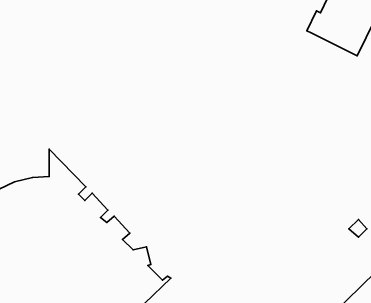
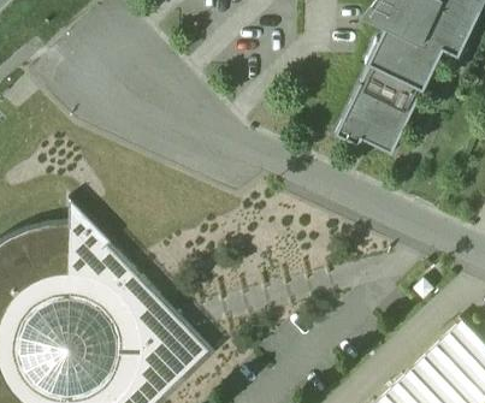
building: none -> [335,63,422,154]

